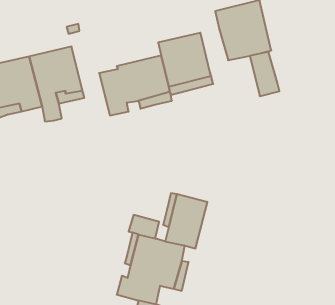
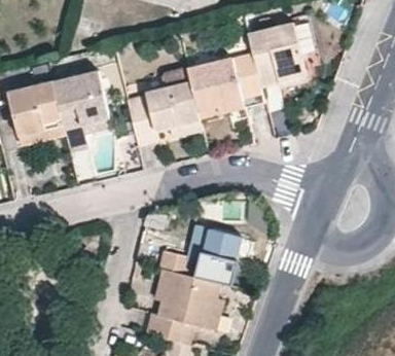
building: [250,52,279,96] -> [232,54,263,100]

